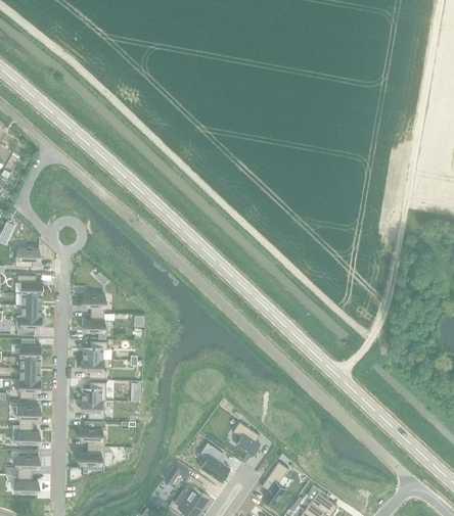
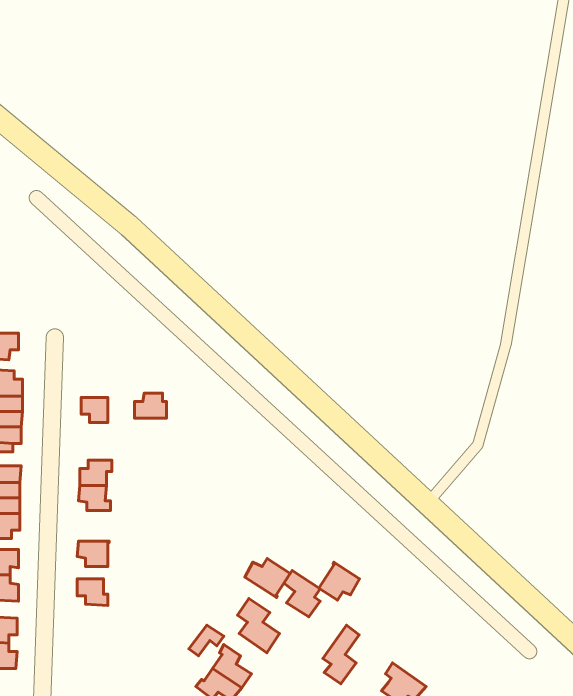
building: [82,311,105,329] -> [134,393,167,418]
building: [81,379,104,397] -> none
building: none -> [245,559,290,598]
building: none -> [319,562,359,600]
building: [79,443,109,463] -> none

